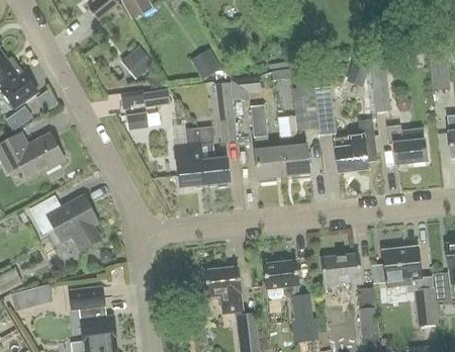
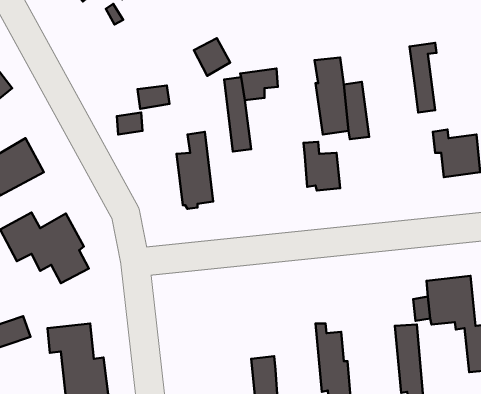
building: [118,45,153,79] -> none
building: [250,104,283,179] -> none
building: [334,118,376,171] -> none
building: [198,125,230,187] -> none
building: [320,252,362,284] -> none
building: [263,259,298,298] -> none
building: [204,266,242,314] -> none

